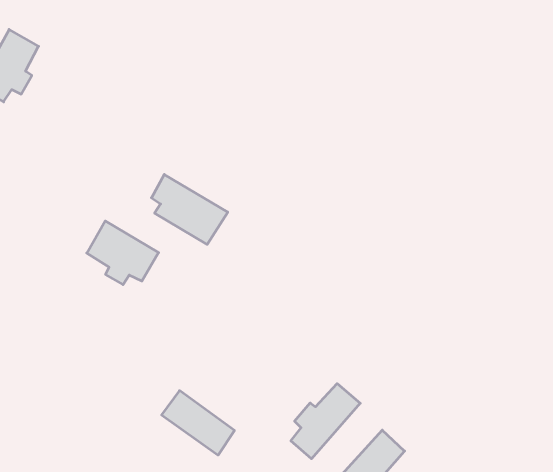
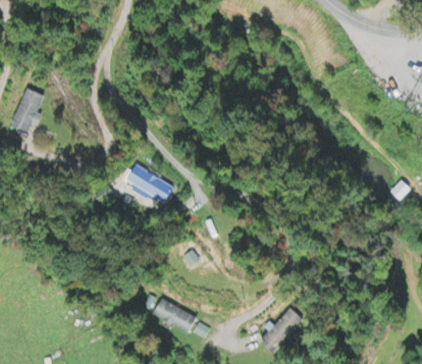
building: [87,221,159,285] -> none
building: [291,384,360,459] -> none

